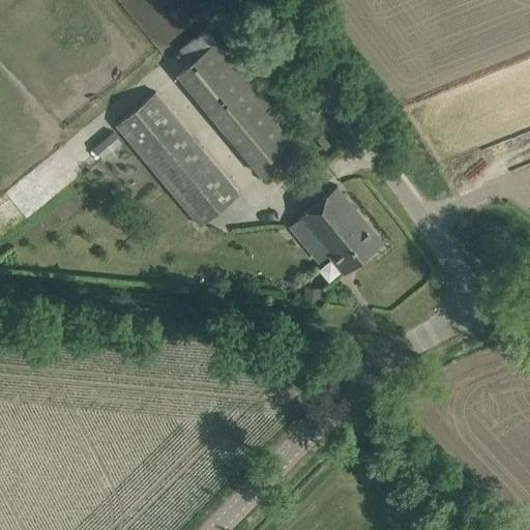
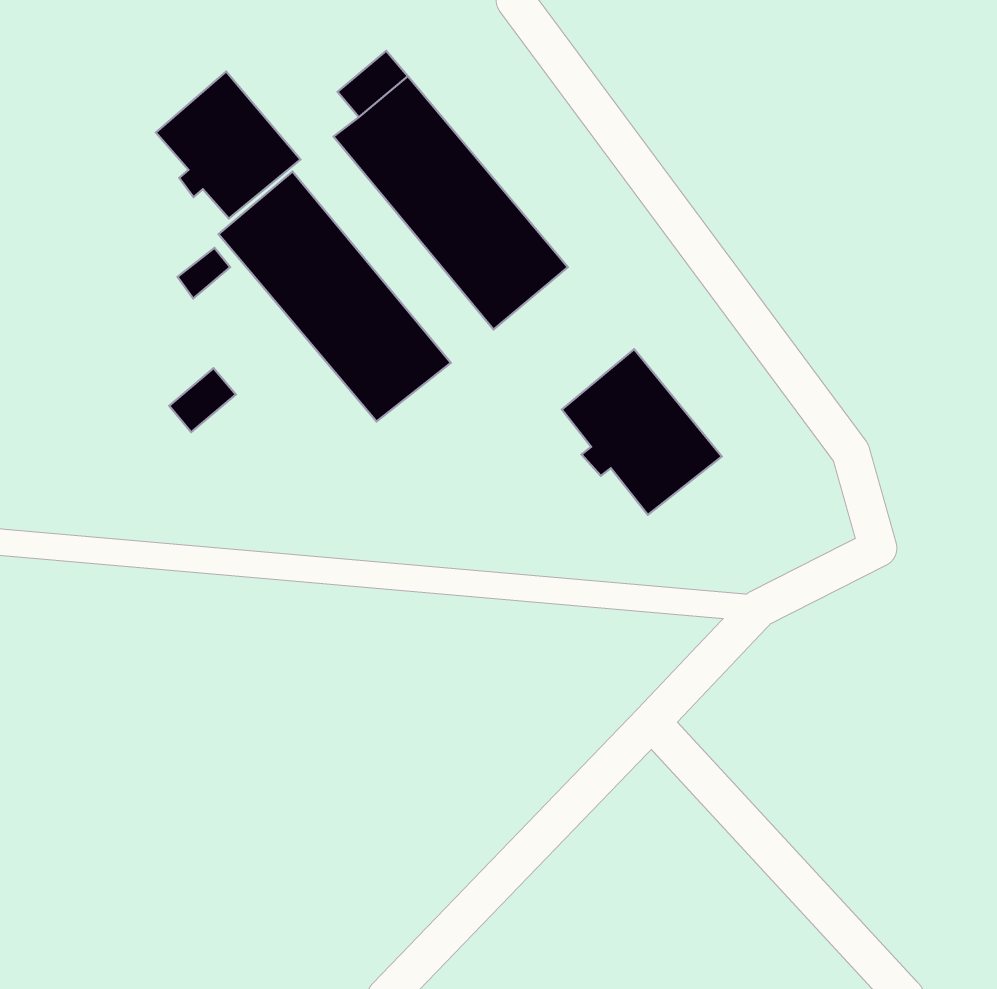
building: none -> [156,71,300,218]
building: none -> [169,368,236,432]

